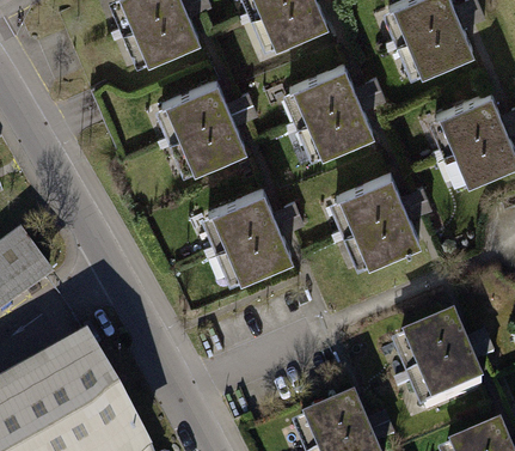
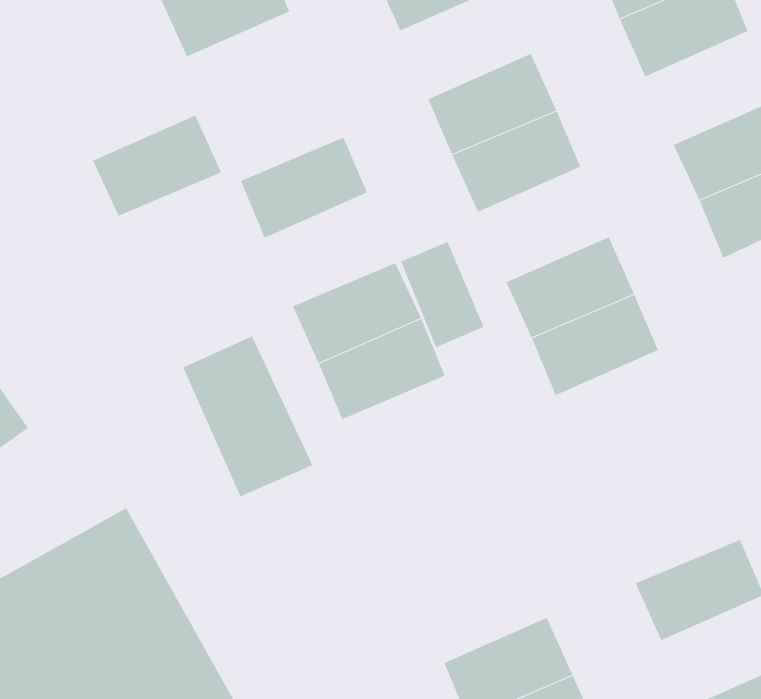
building: [153,77,231,138] -> [92,115,222,216]
building: none -> [401,241,484,348]
building: none -> [182,336,313,497]
building: [391,318,468,379] -> none

